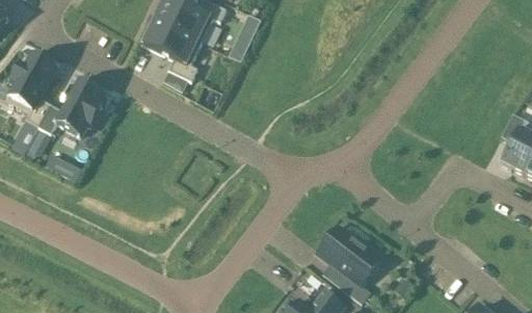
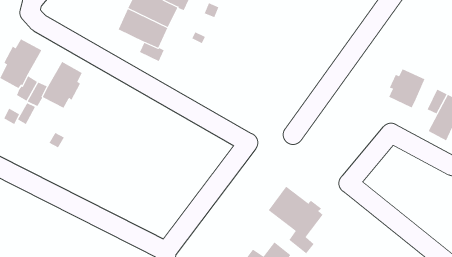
building: none -> [389,68,425,108]

